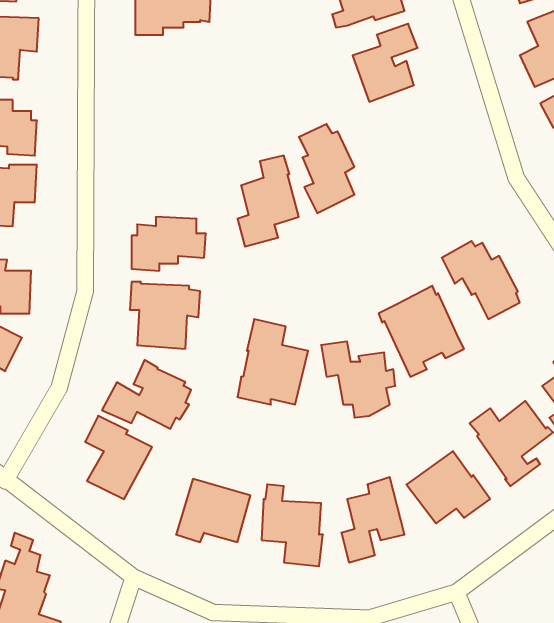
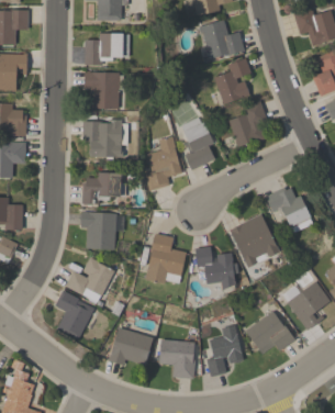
building: none -> [85,71,123,109]
building: none -> [228,100,267,147]
building: none -> [82,120,121,159]

